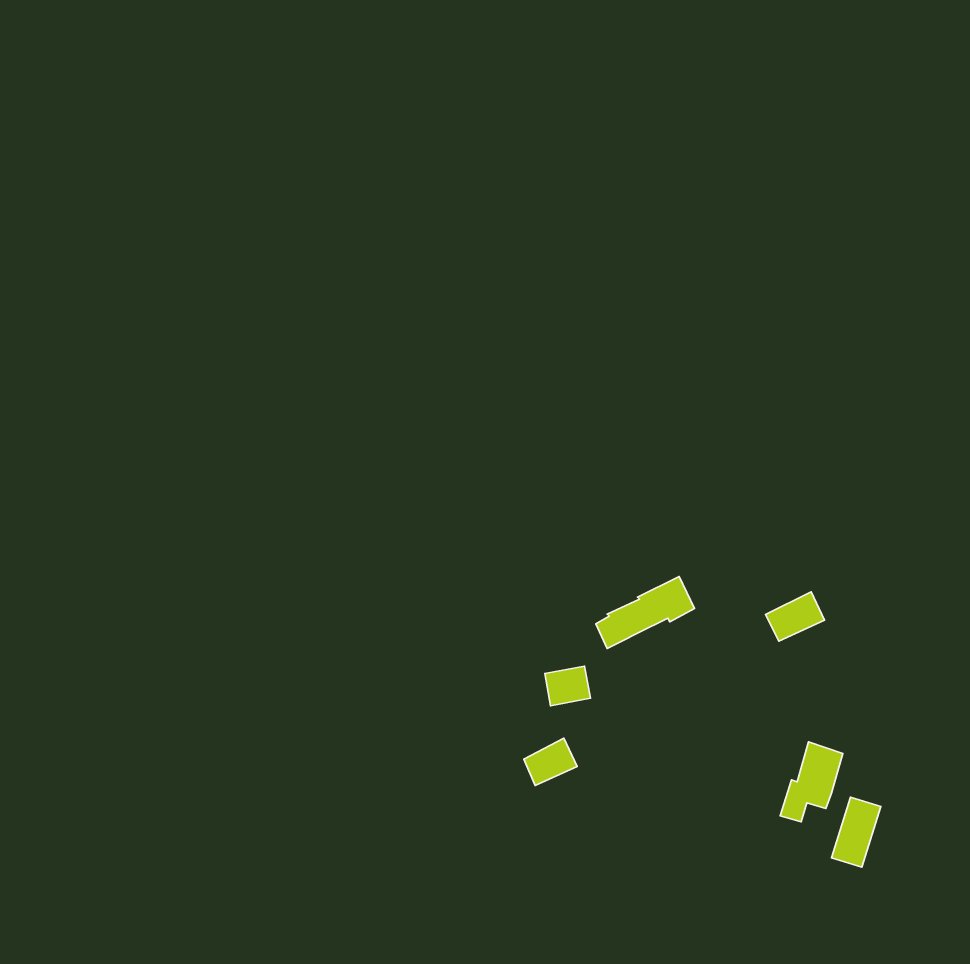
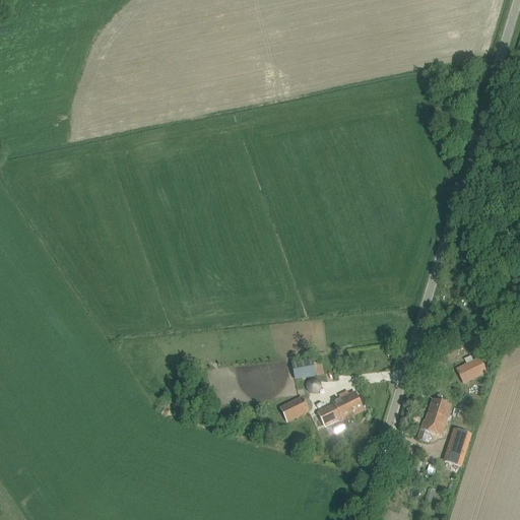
building: [596,576,694,648] -> [311,390,364,429]
building: [766,592,824,641] -> [455,353,486,380]

